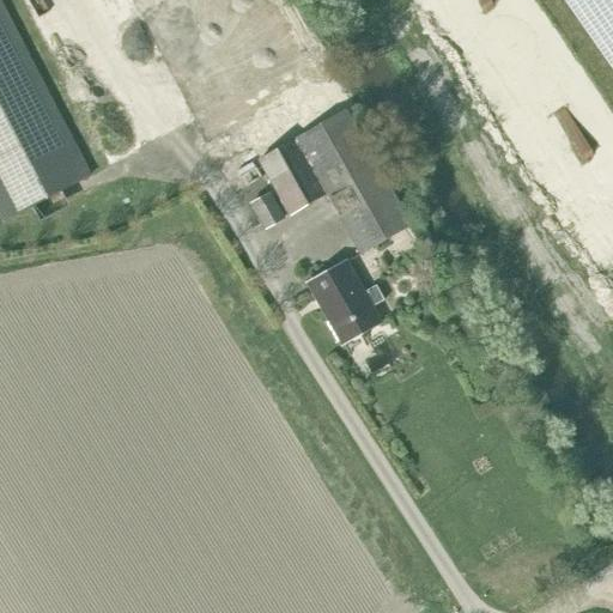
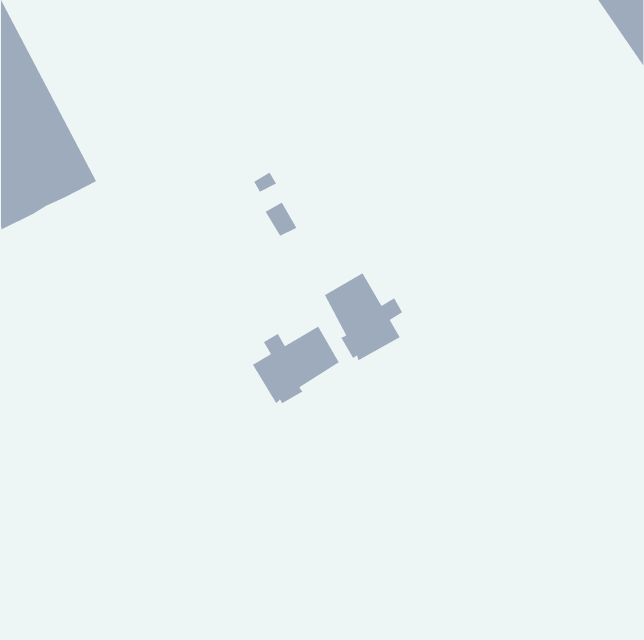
building: [257,109,409,251] -> none
building: none -> [252,326,340,404]

